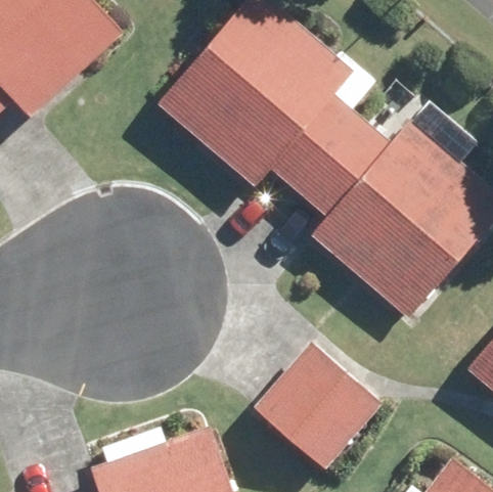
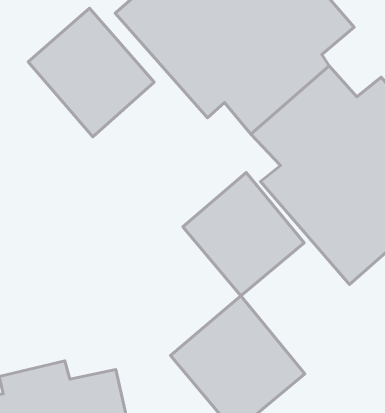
building: none -> [28,8,154,137]
building: none -> [183,173,304,296]

